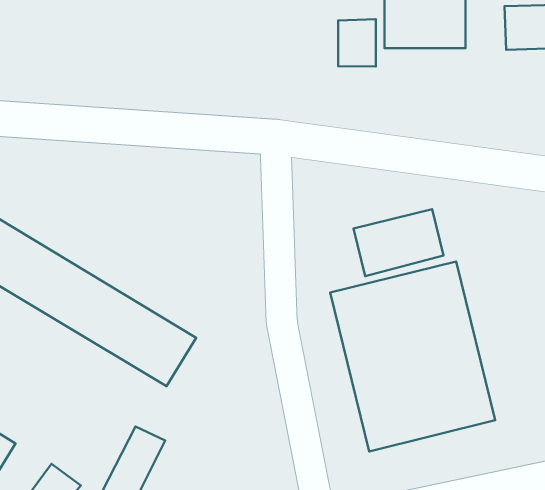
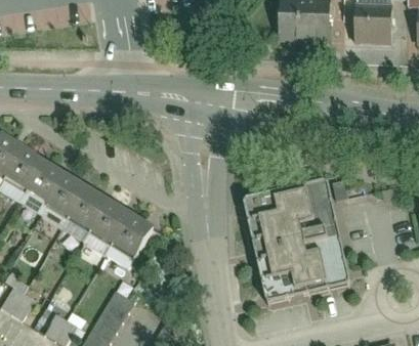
building: [338,19,376,66] -> none
building: [354,209,444,276] -> none

